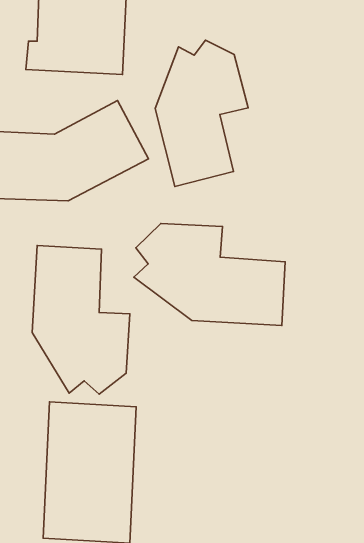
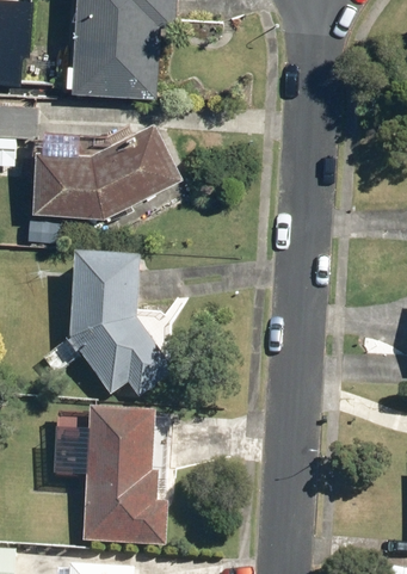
building: [155,40,248,186] -> none
building: [134,223,285,326] -> none

